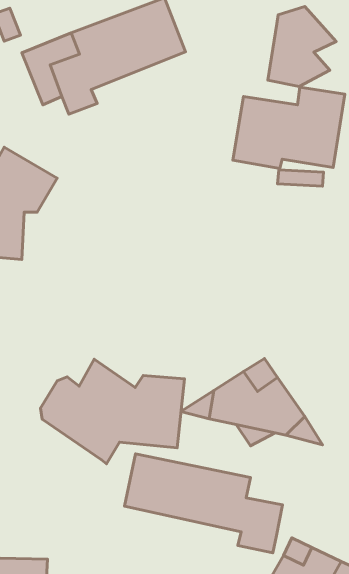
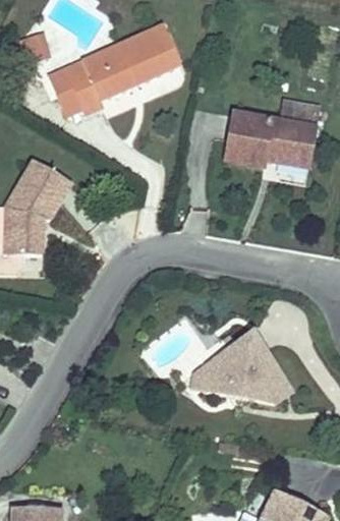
building: [268,7,336,86] -> none
building: [41,359,184,464] -> none
building: [124,454,282,553] -> none

